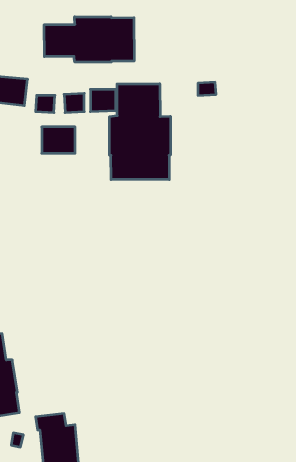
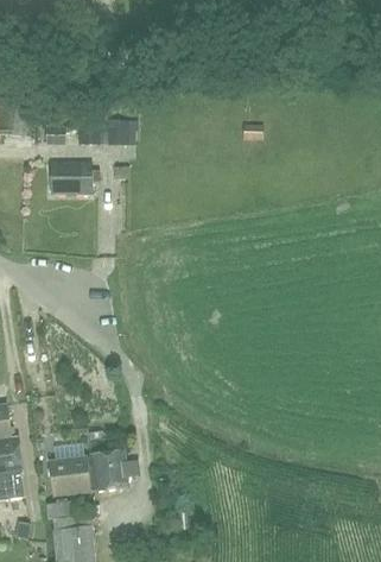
building: [44,17,134,62] -> none
building: [110,84,170,180] -> none
building: none -> [52,449,136,494]

